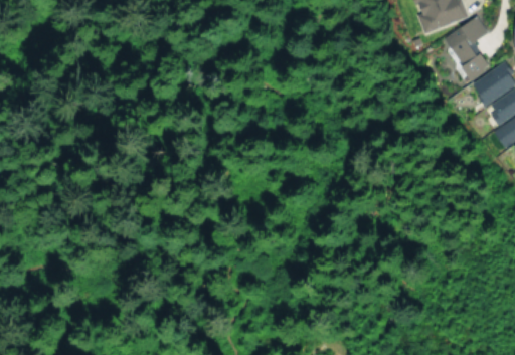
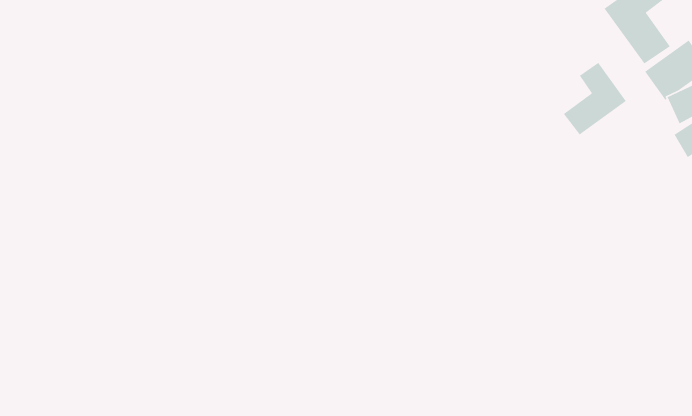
building: none -> [563,62,627,136]

